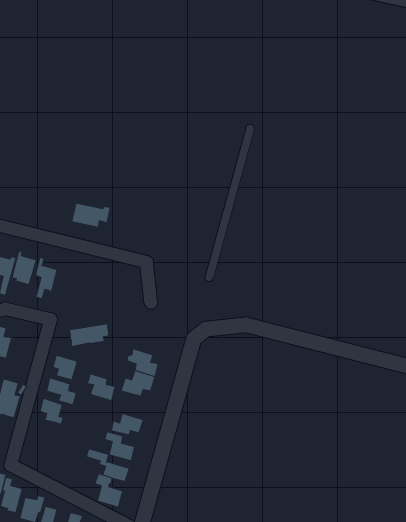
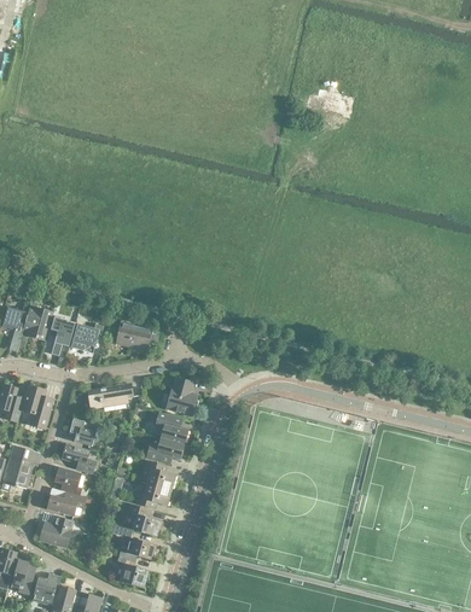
building: [72,203,110,227] -> [115,322,158,349]
building: none -> [70,324,103,352]
building: none -> [165,377,197,415]
building: none -> [22,385,52,427]
building: [87,374,115,401] -> [143,460,174,490]
building: none -> [46,491,86,515]
building: none -> [39,517,71,547]

